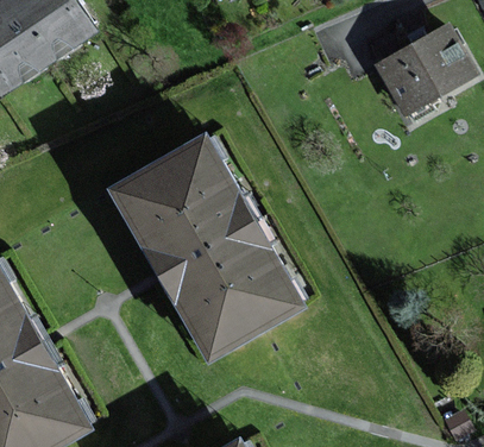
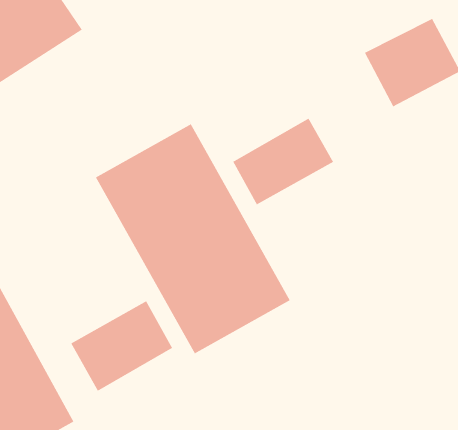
building: none -> [232,117,334,206]
building: none -> [70,300,173,392]

